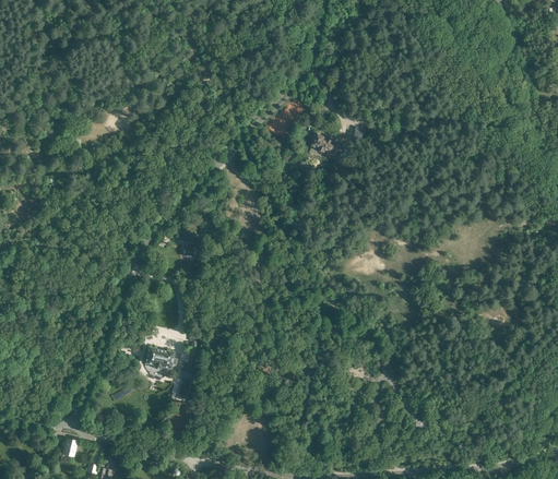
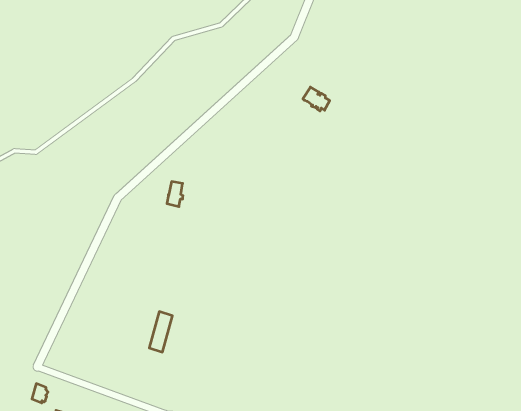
building: [145,348,177,370] -> none

